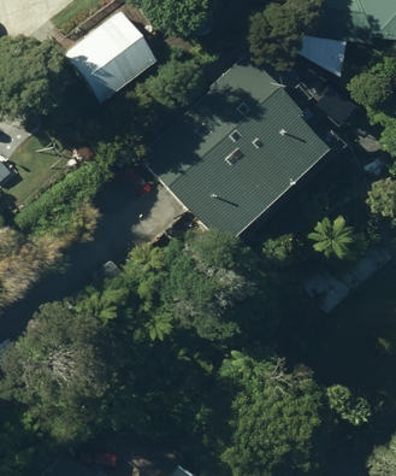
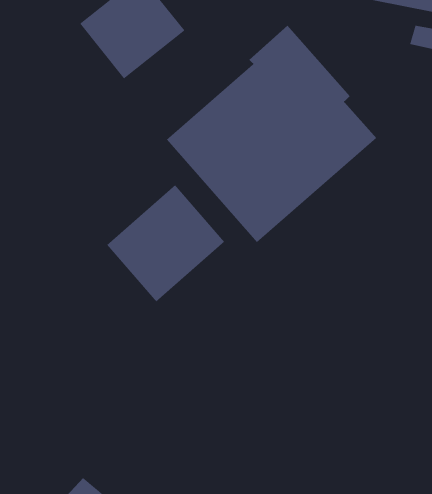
building: none -> [106,184,225,303]

